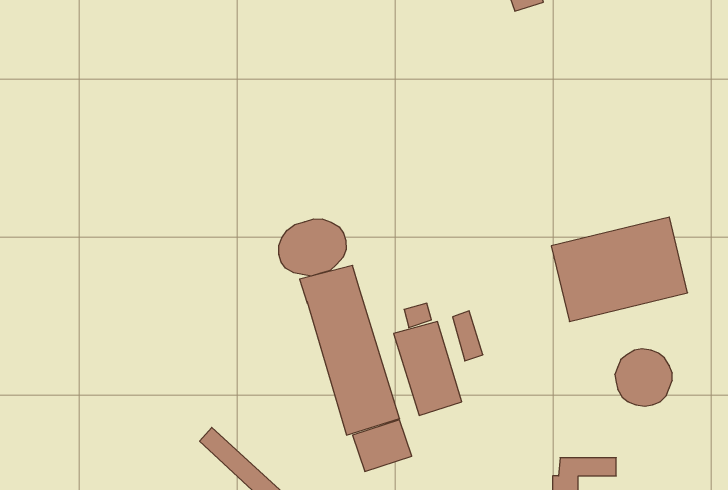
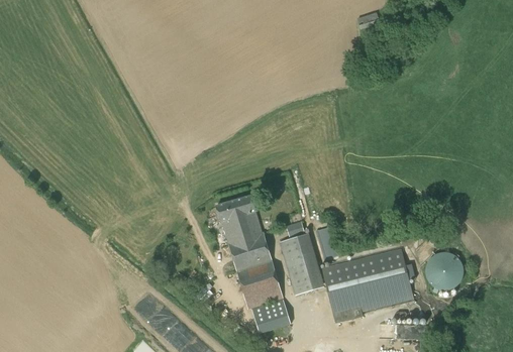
building: [551,217,688,322] -> [322,248,413,318]
building: [279,219,346,276] -> none

